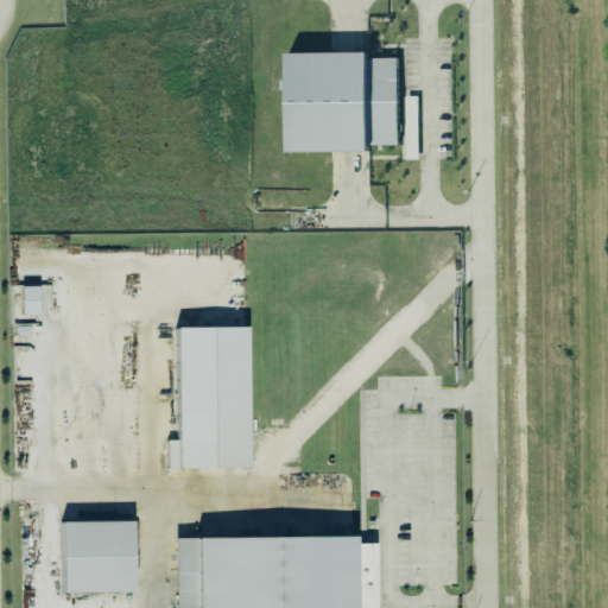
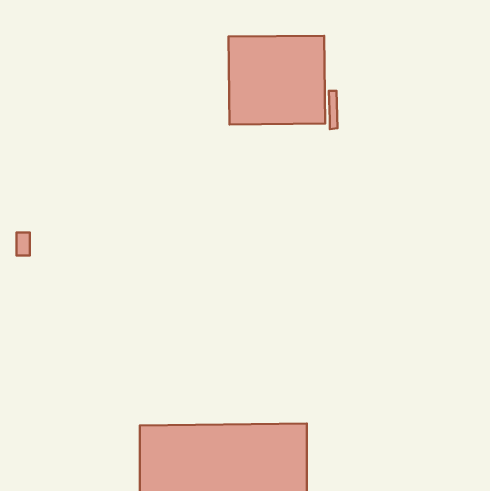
building: [170,329,251,470] -> none
building: [63,524,135,595] -> none

